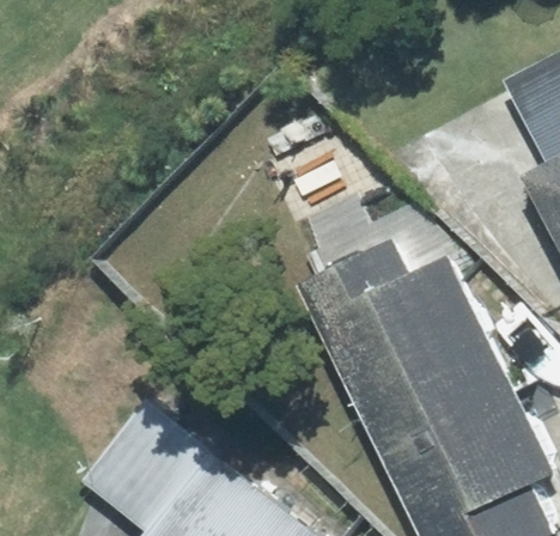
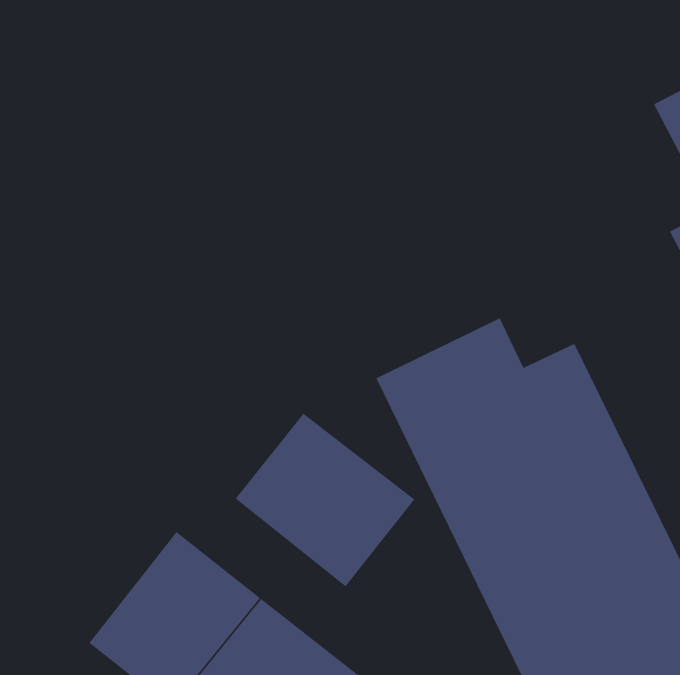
building: none -> [235,413,415,587]

